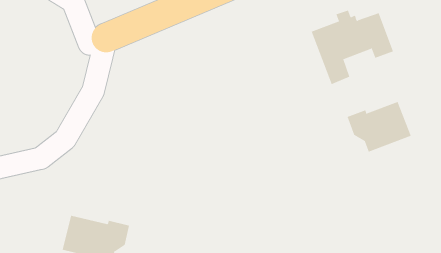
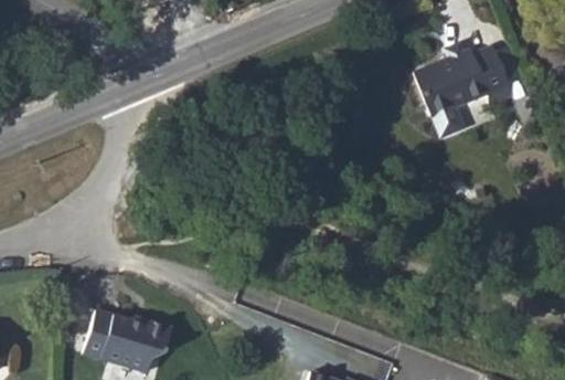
building: [347,101,411,152] -> none

